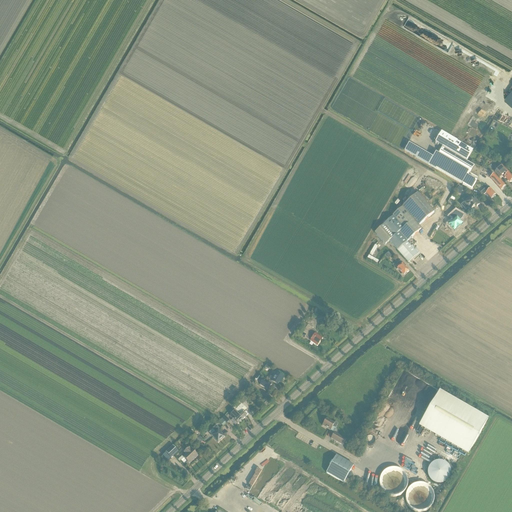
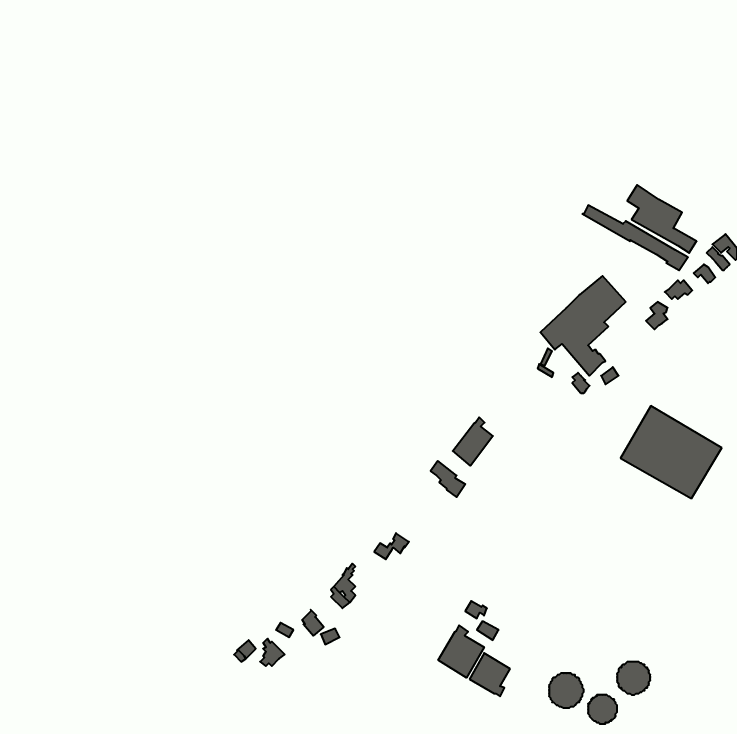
building: none -> [453,417,493,466]
building: [418,387,488,451] -> [621,406,722,498]
building: none -> [438,625,484,678]

